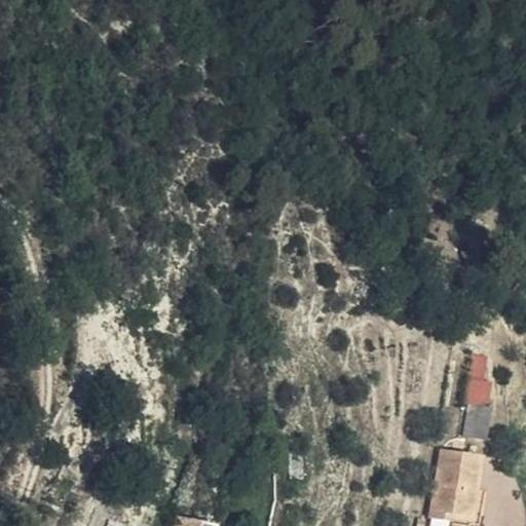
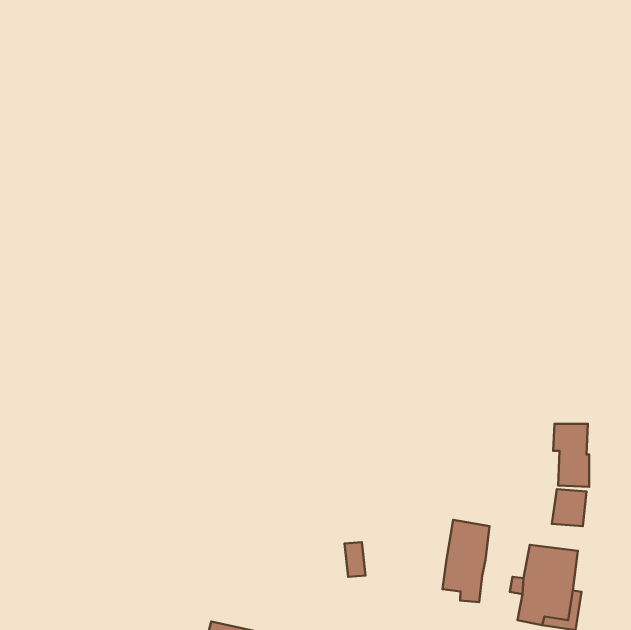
building: none -> [443,520,489,602]

